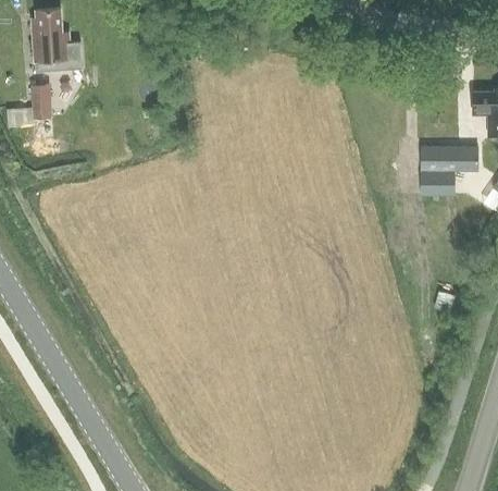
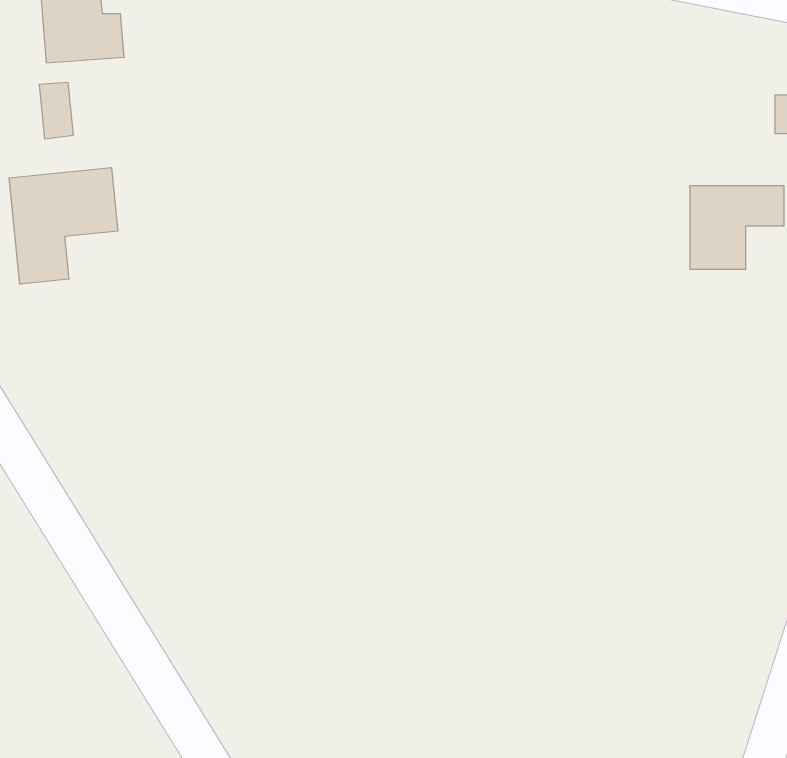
building: none -> [9,168,118,284]

